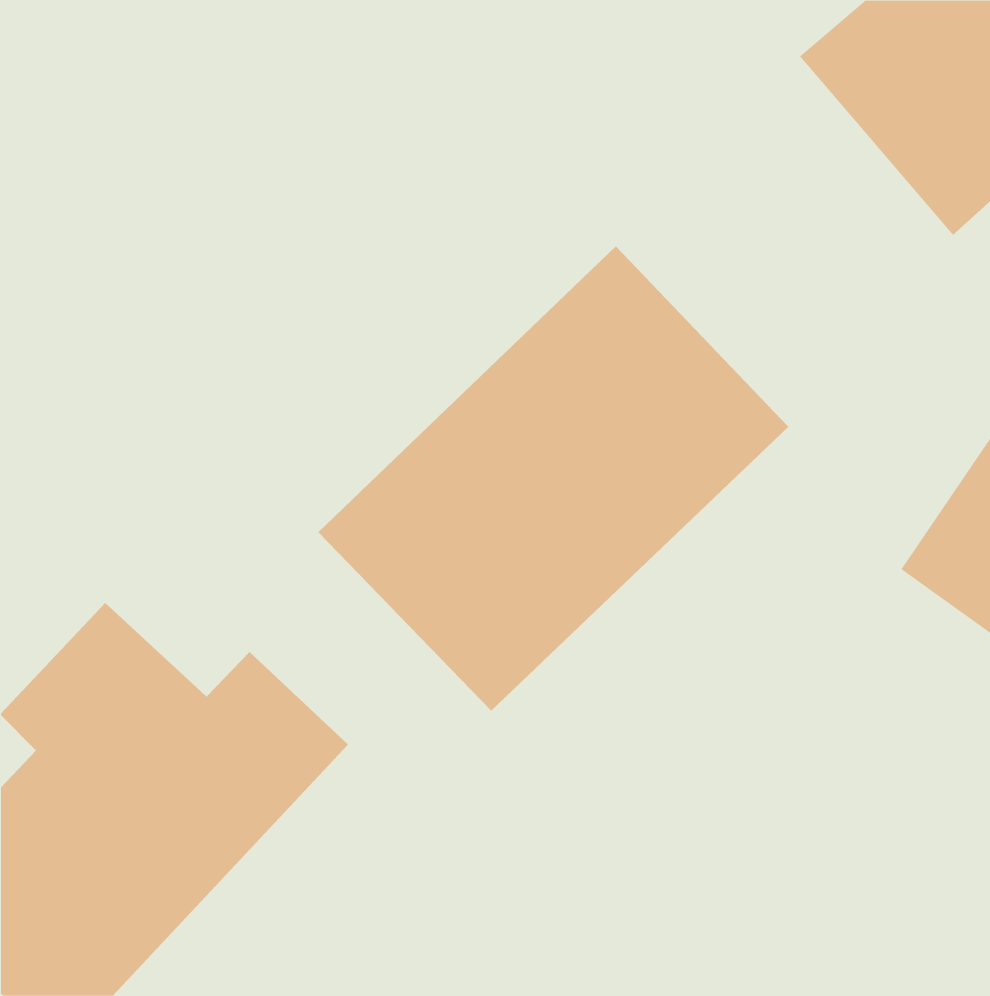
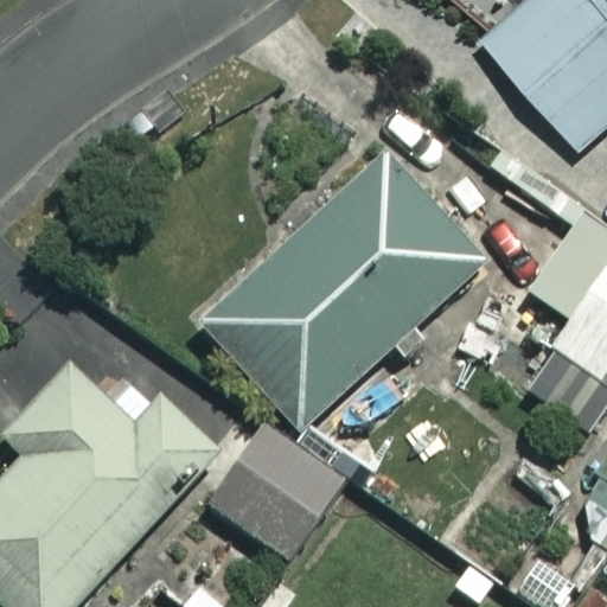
building: none -> [210,428,343,561]

